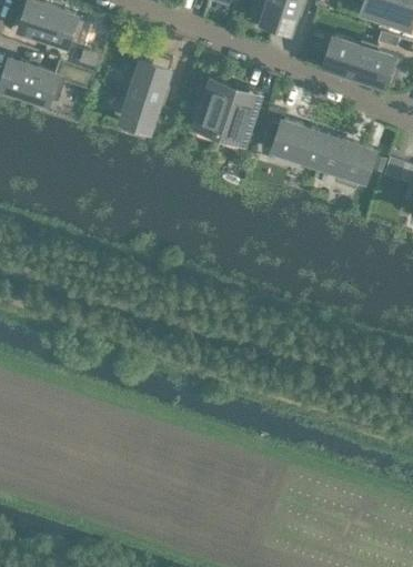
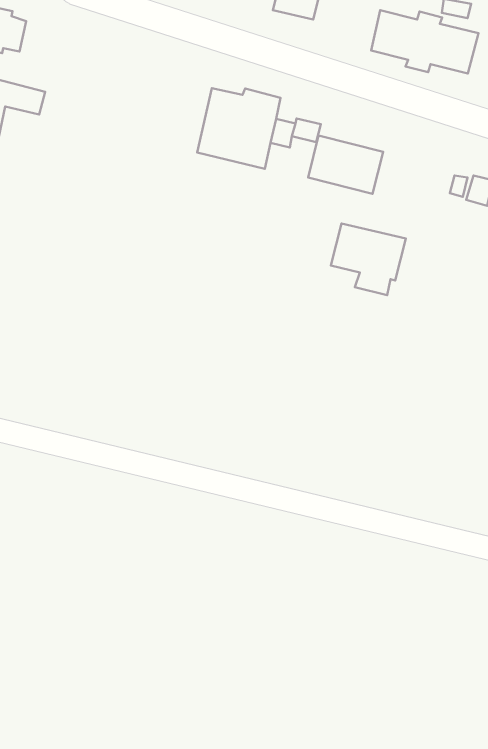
building: [120,50,171,126] -> none
building: [316,135,371,189] -> [331,224,406,295]

